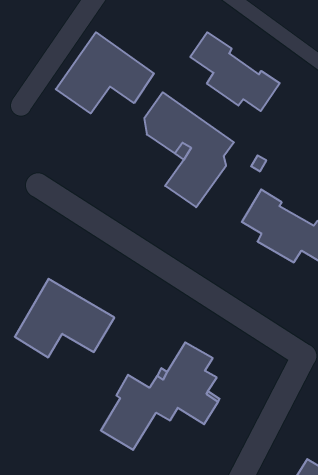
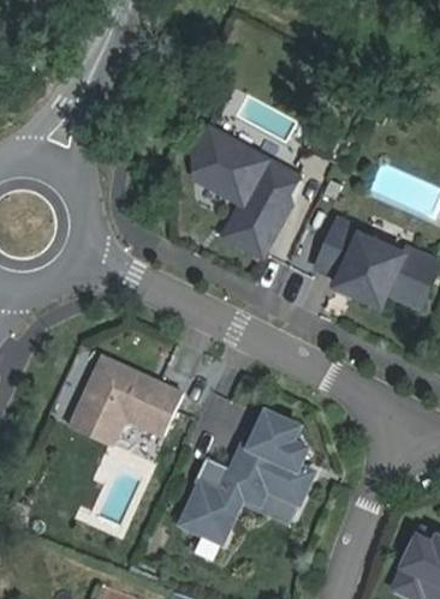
building: [190,32,280,111] -> none
building: [56,32,154,113] -> none

